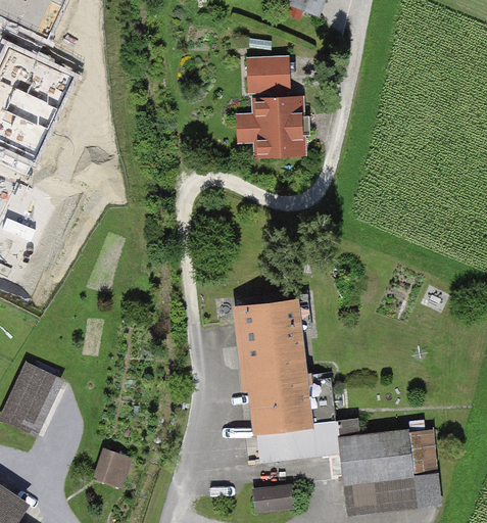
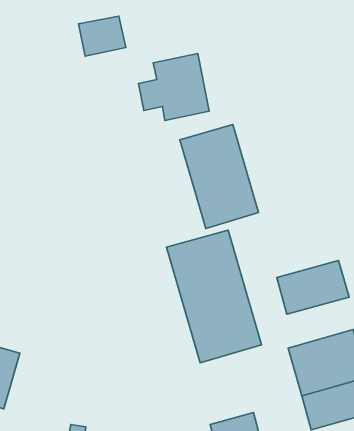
building: [244,55,290,92] -> [79,16,126,56]
building: none -> [180,124,258,228]
building: [261,415,335,463] -> [277,261,349,314]

